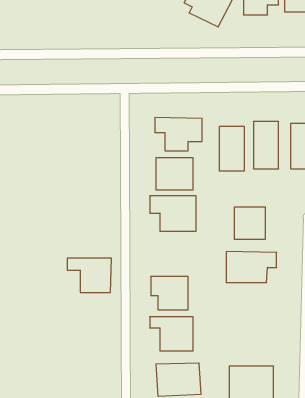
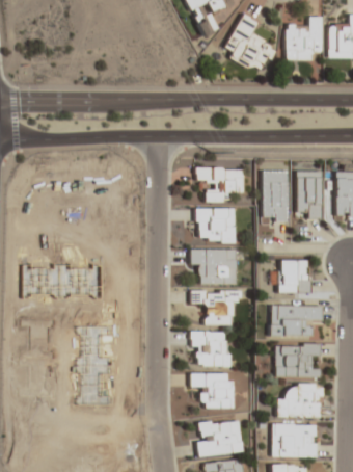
building: [67,258,111,292] -> [190,289,236,324]
building: none -> [274,341,320,377]
building: none -> [275,382,323,417]

